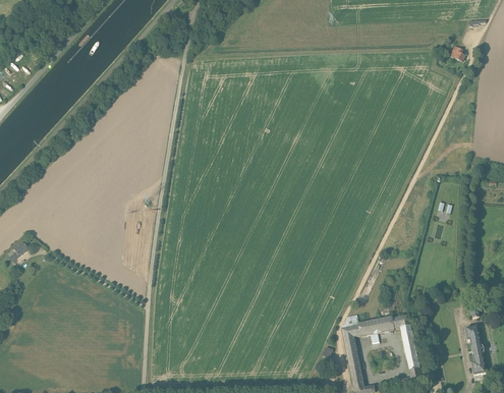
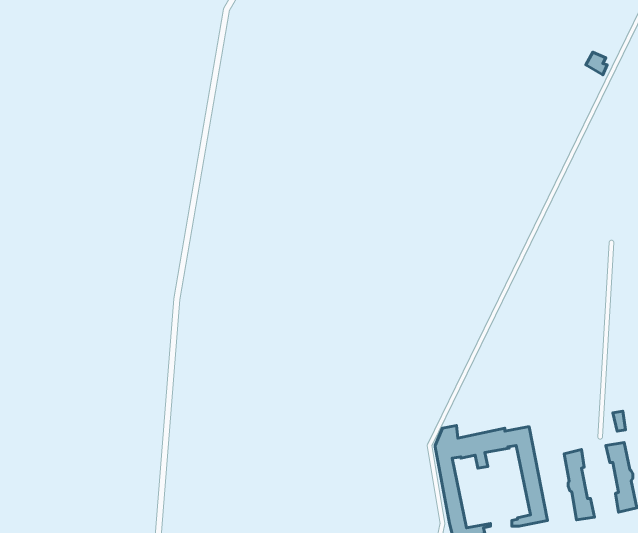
building: none -> [564,450,595,520]

